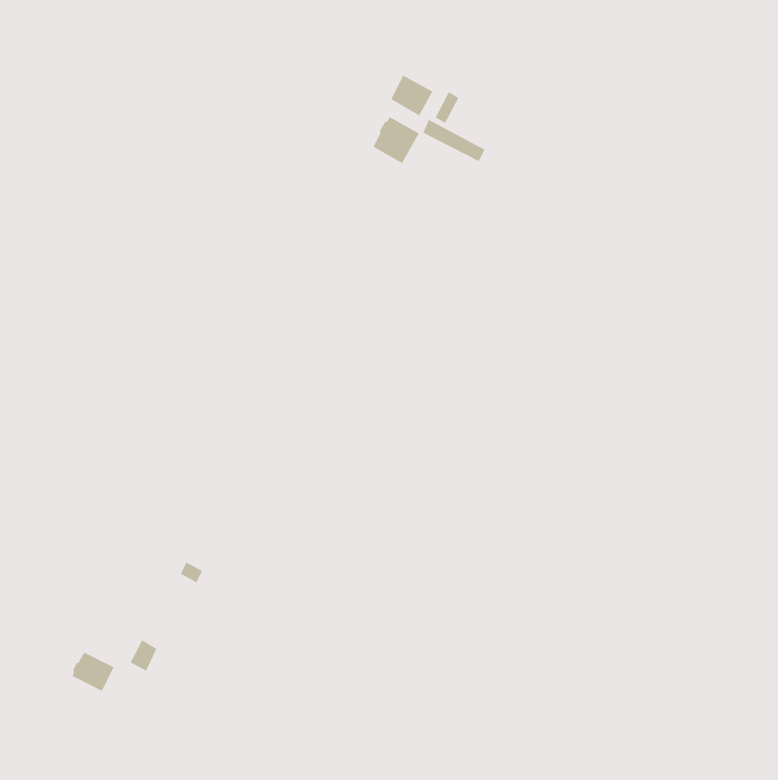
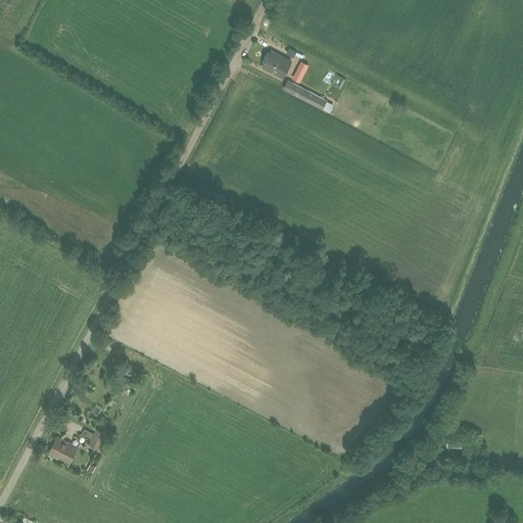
building: [373,116,420,164] -> none

